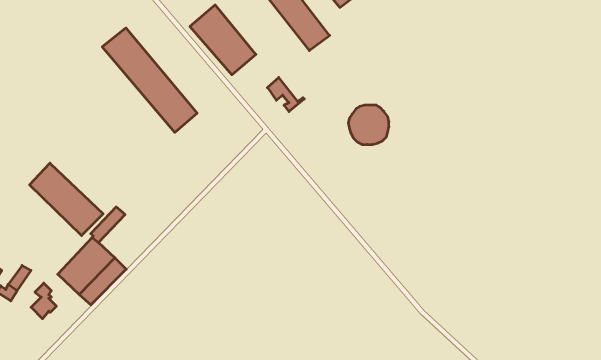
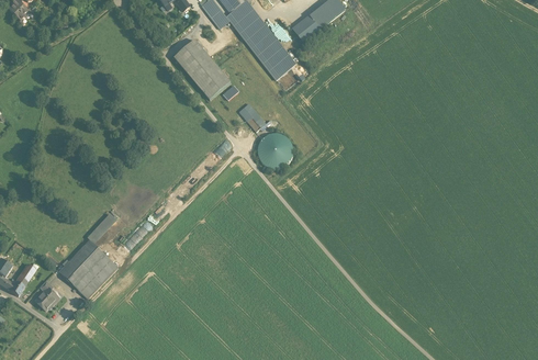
building: [102,28,197,132] -> none
building: [348,105,389,144] -> [257,134,292,168]
building: [30,163,103,236] -> none

